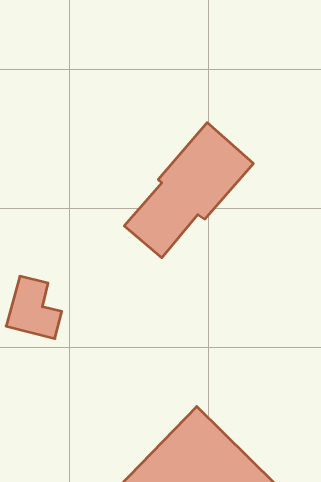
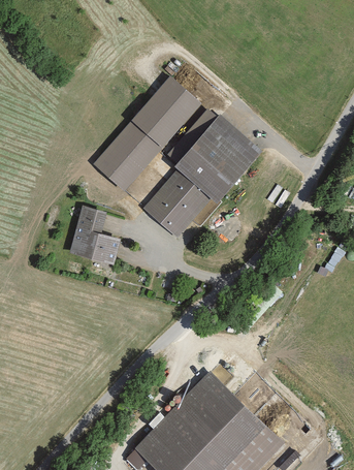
building: none -> [94,79,200,190]
building: [6,276,62,339] -> [68,207,119,263]

